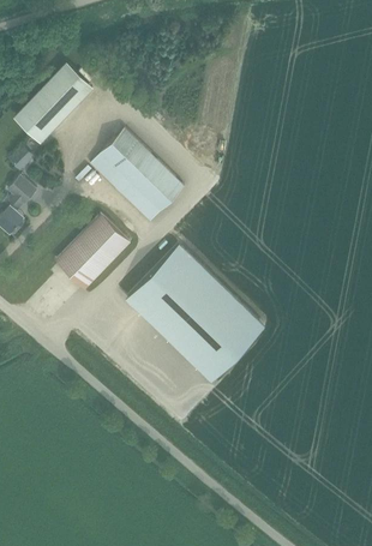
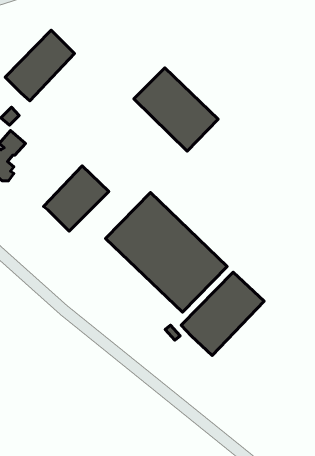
building: [89,128,184,222] -> [134,68,218,151]
building: none -> [181,272,264,356]

